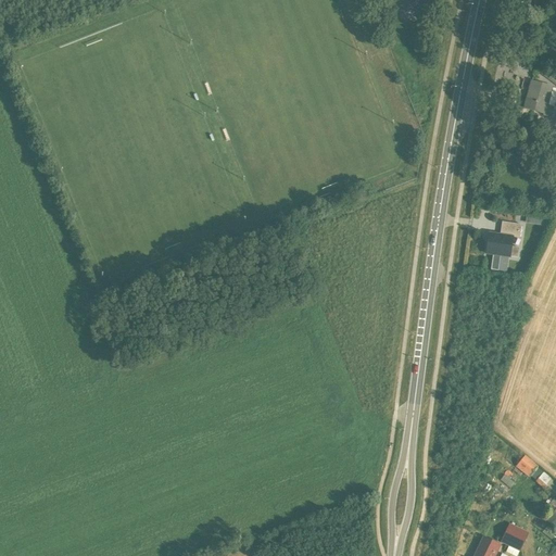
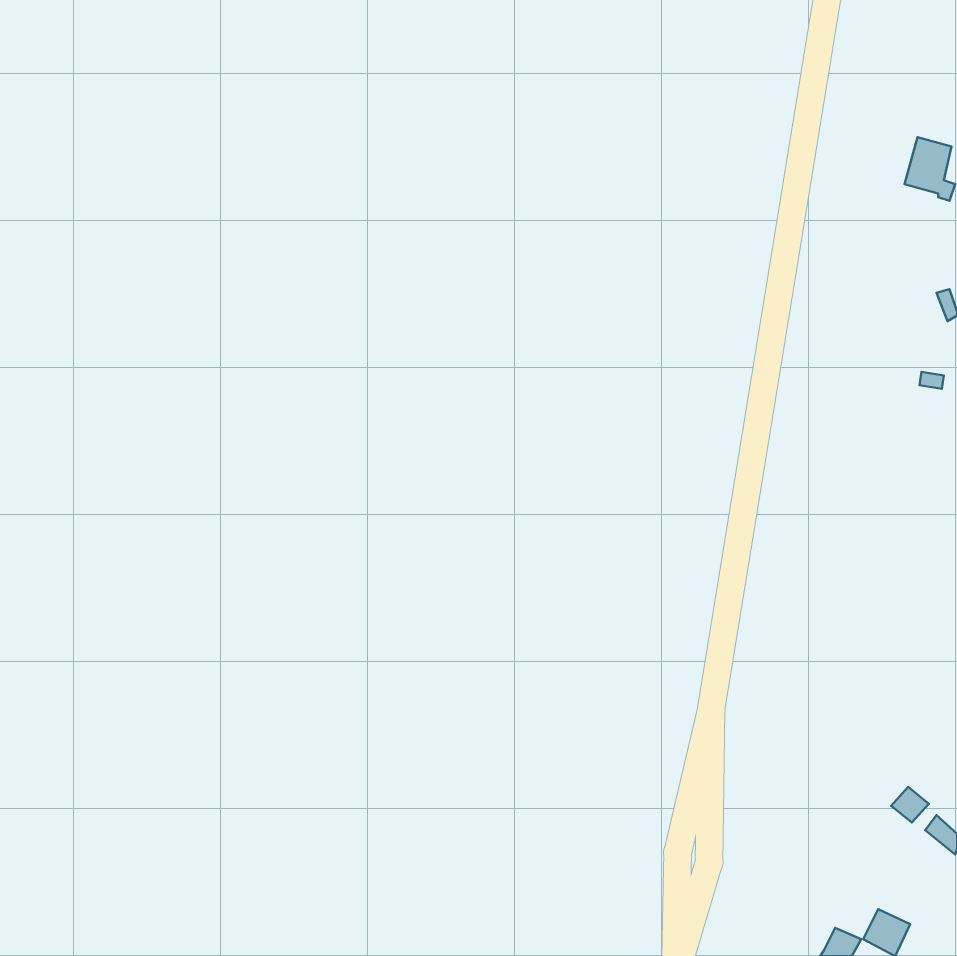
building: [485,231,518,255] -> none

